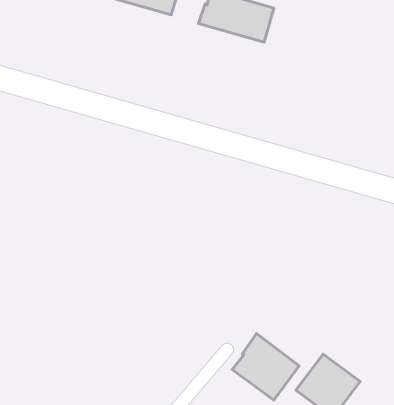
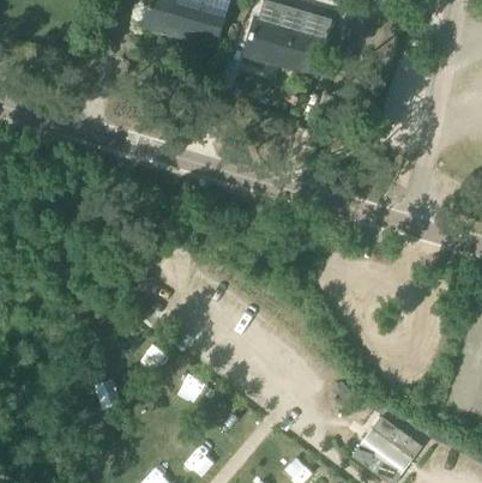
building: [232,334,299,400] -> none

